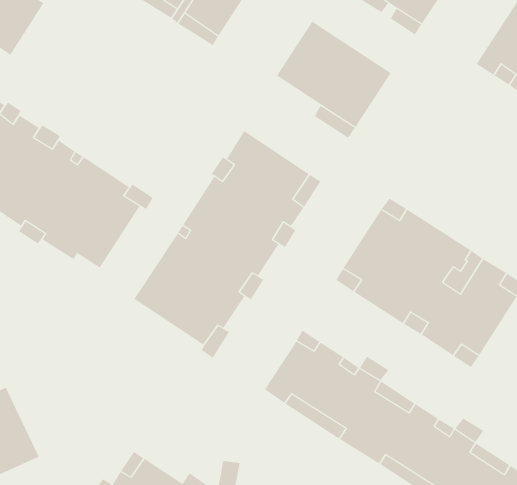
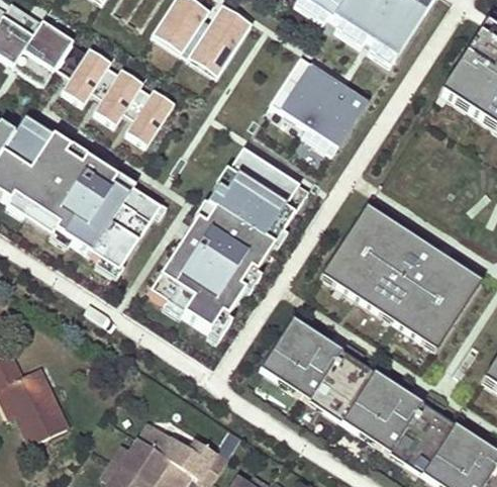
building: none -> [57,42,175,144]

